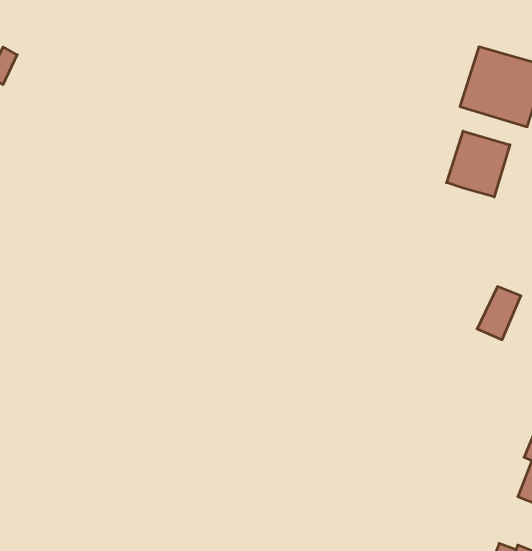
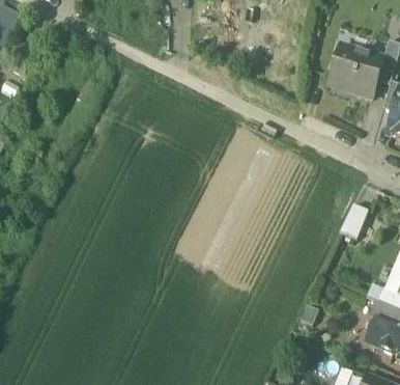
building: [446,131,510,197] -> none

